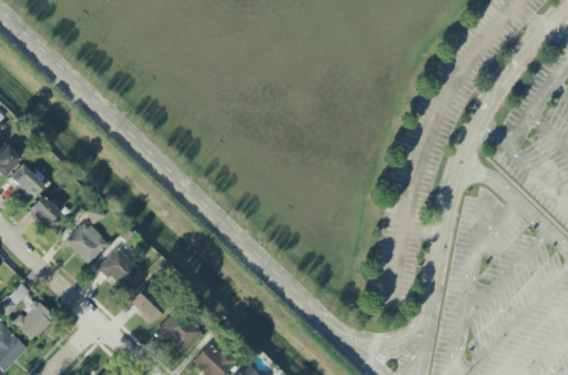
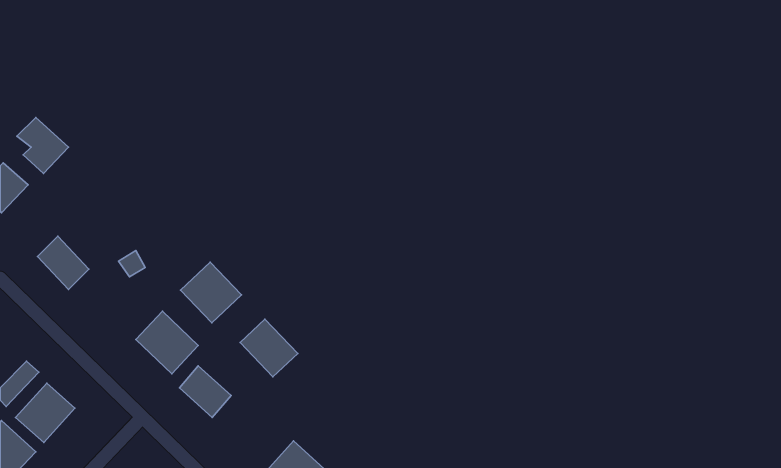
building: [8,164,44,204] -> [17,117,68,174]
building: [64,221,108,264] -> [181,262,242,323]
building: [159,310,200,351] -> [240,319,298,377]

